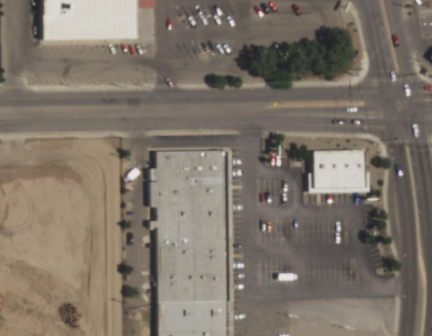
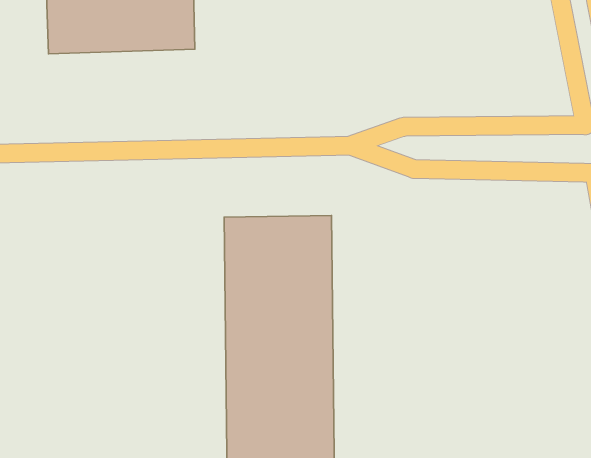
building: [309,149,370,193] -> none

